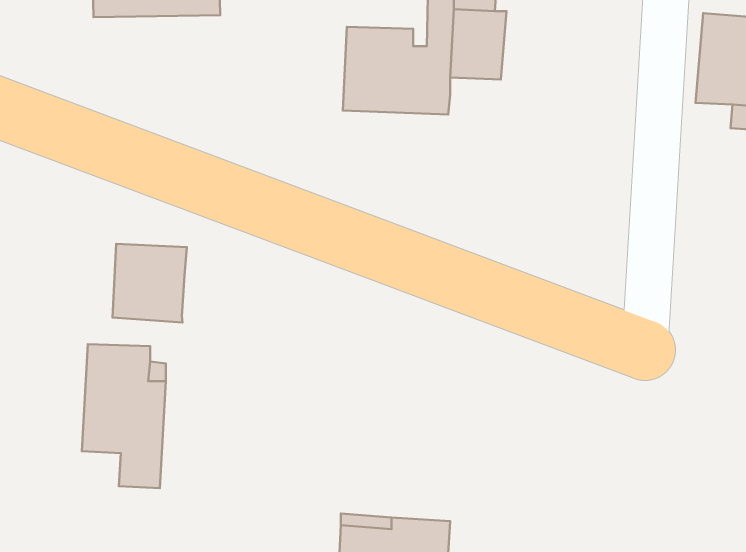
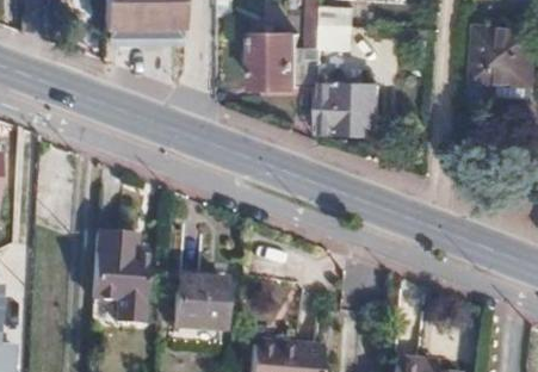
building: none -> [319,79,379,137]
building: [112,244,187,322] -> none
building: none -> [174,278,221,329]

